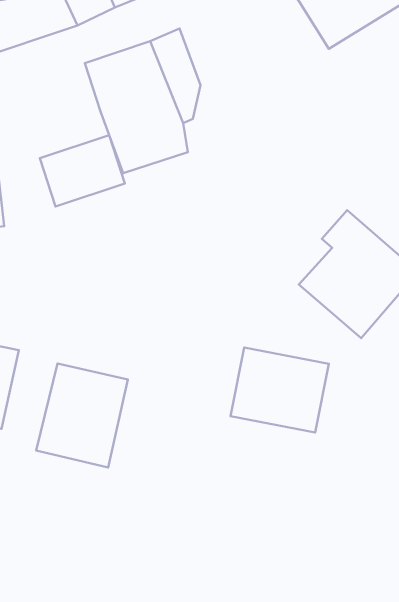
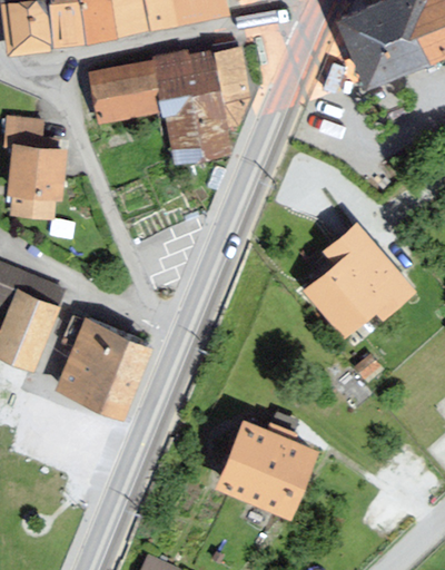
building: [40,135,125,206] -> [90,66,159,119]
building: [230,347,329,432] -> [224,423,315,505]

